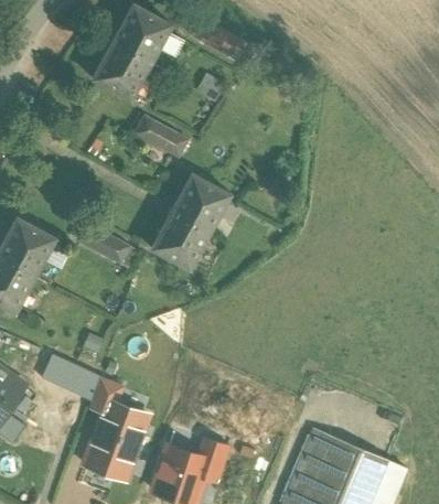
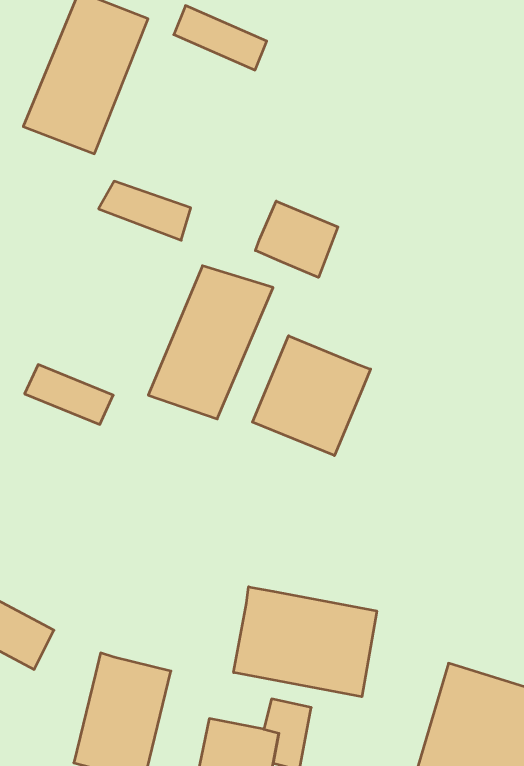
building: none -> [255,201,338,277]
building: none -> [252,336,371,456]
building: none -> [234,587,377,697]
building: [87,376,120,411] -> none

